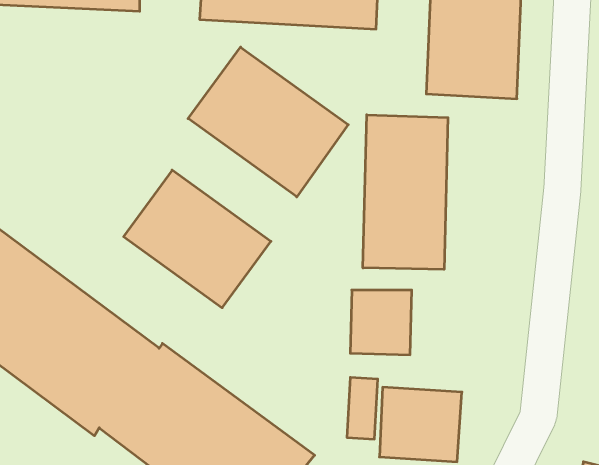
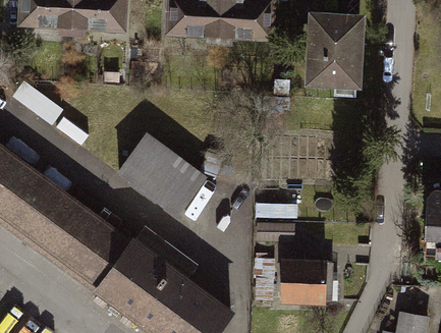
building: [188,47,348,197] -> none
building: [363,115,448,269] -> none

